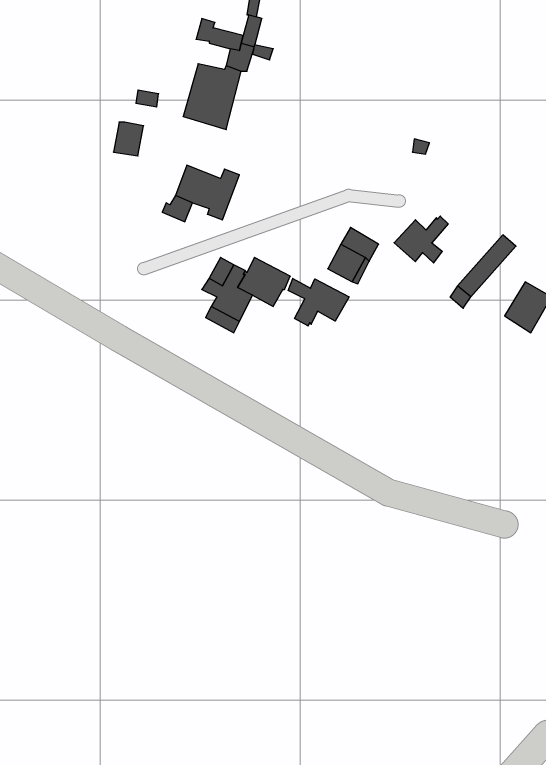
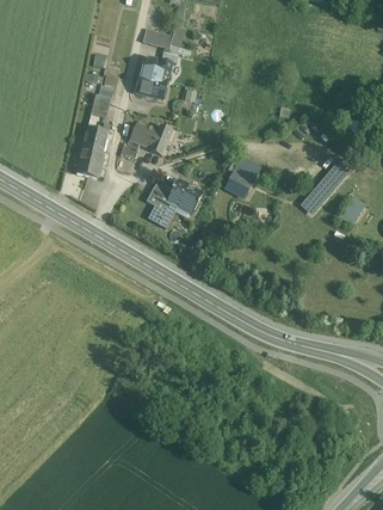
building: none -> [76,128,109,178]
building: [394,216,448,263] -> none
building: [288,278,349,326] -> none

